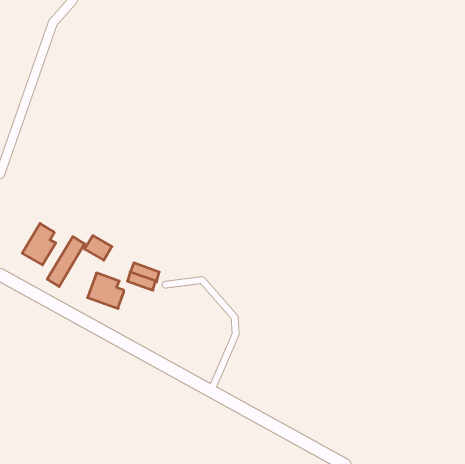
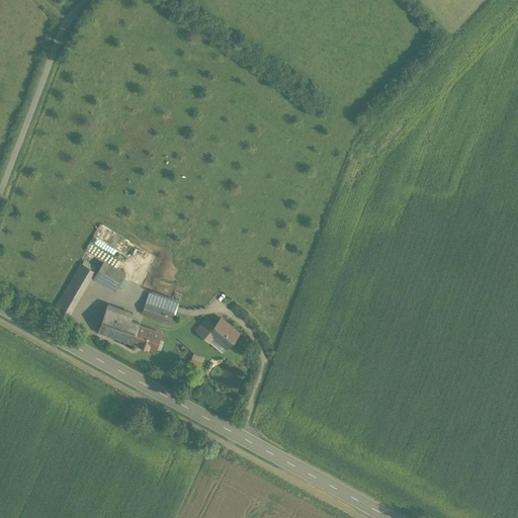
building: [22,223,56,265] -> none
building: none -> [198,319,238,347]
building: none -> [132,326,160,351]

